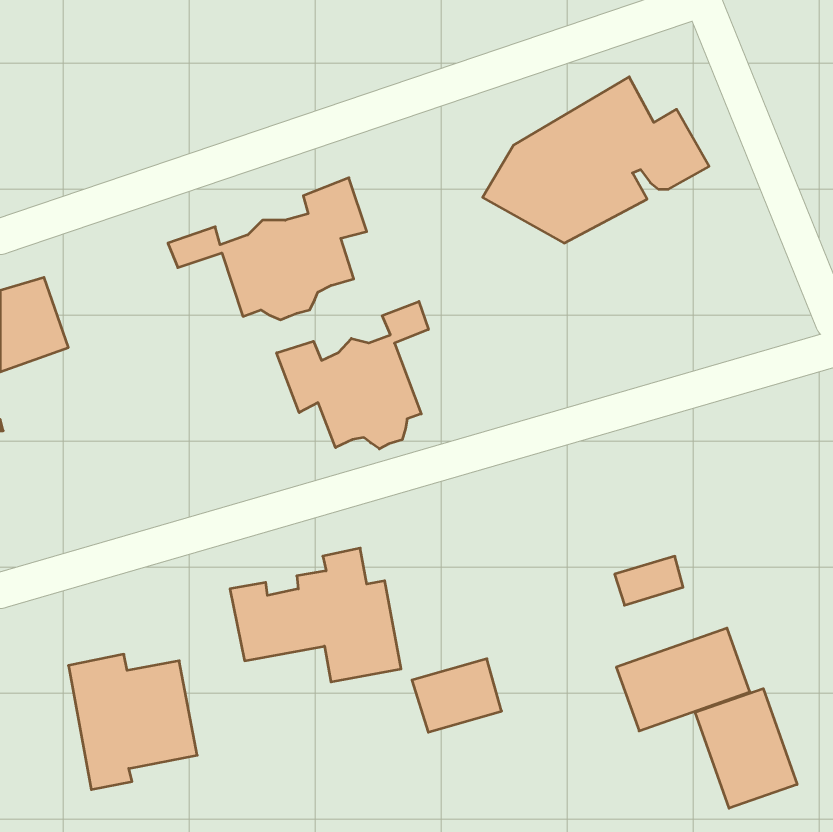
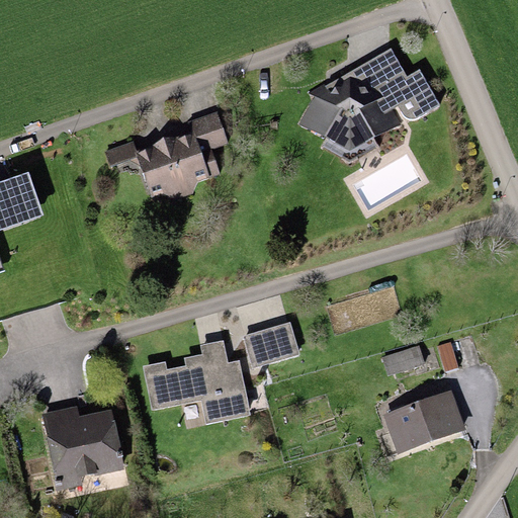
building: [277,301,428,449] -> none
building: [412,659,502,732] -> [243,322,298,367]
building: [695,689,797,808] -> none

